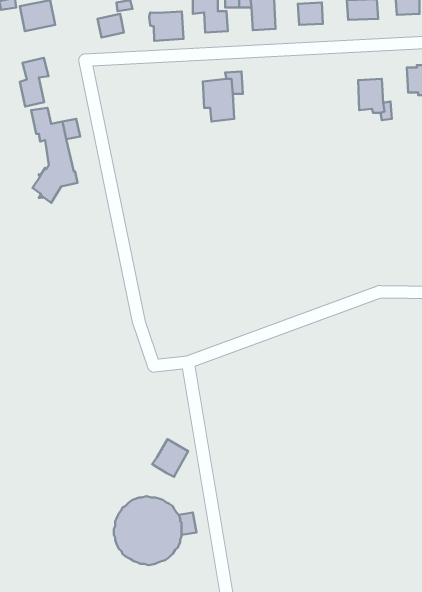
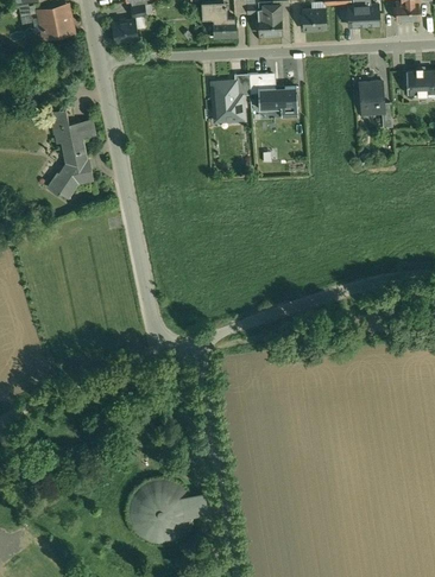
building: [149,12,183,41] -> none
building: [20,58,49,107] -> none
building: none -> [257,85,297,119]
building: [152,439,188,477] -> none

